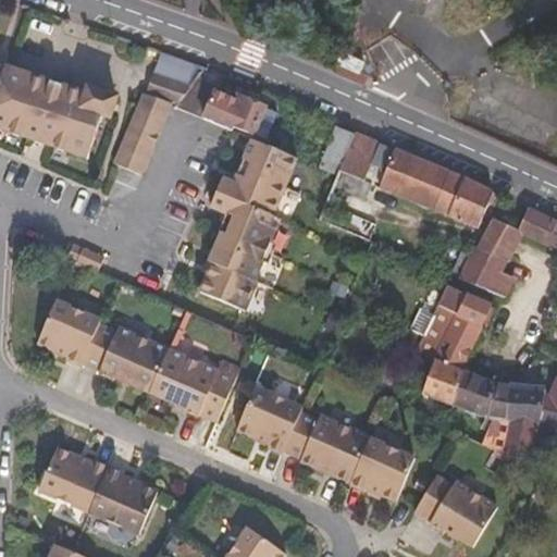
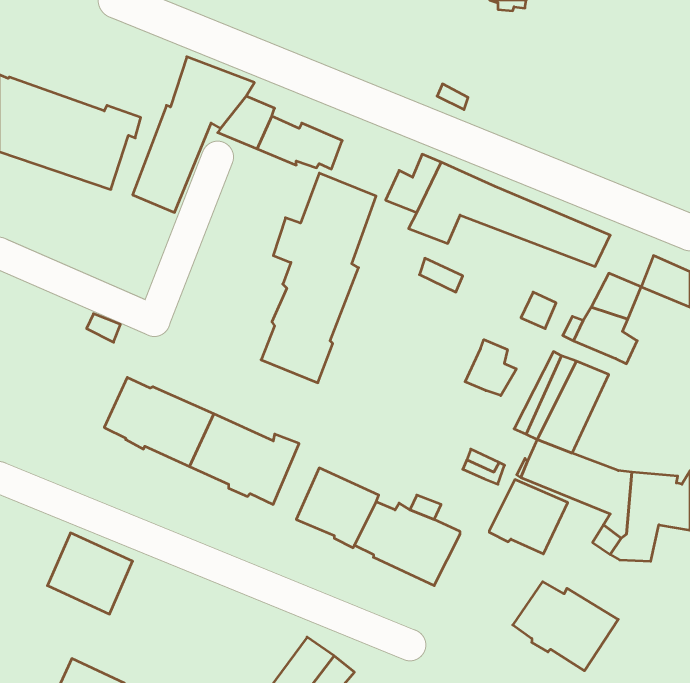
building: none -> [465,340,516,396]
building: [39,285,104,352] -> none
building: [349,436,412,496] -> [489,480,568,554]
building: [88,458,156,522] -> none

